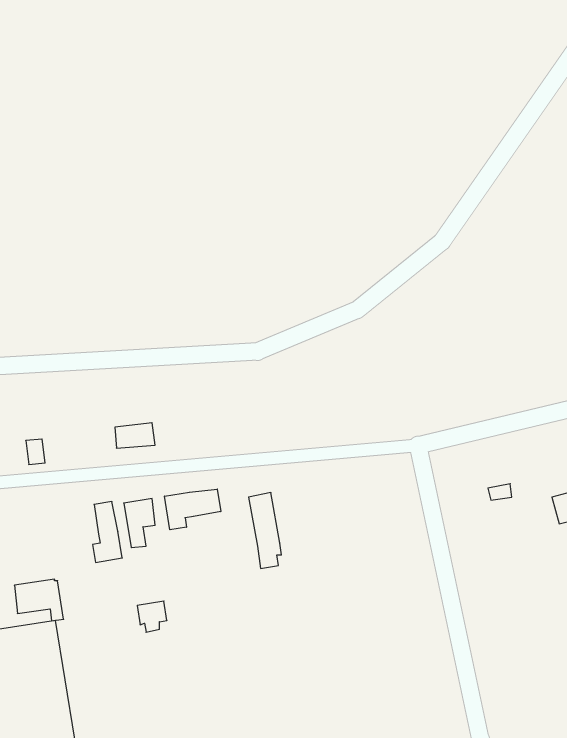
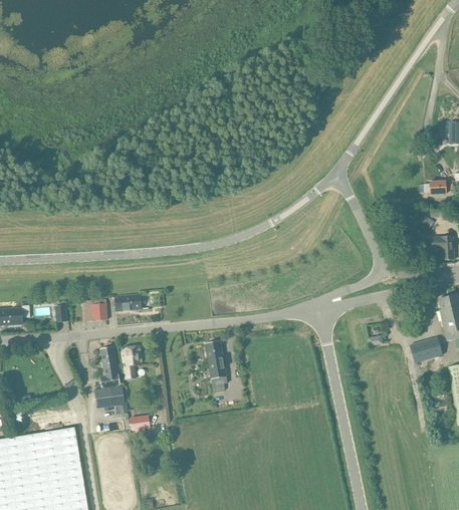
building: none -> [84,299,107,321]
building: [165,489,221,530] -> none
building: [14,579,64,621] -> [94,386,128,414]

